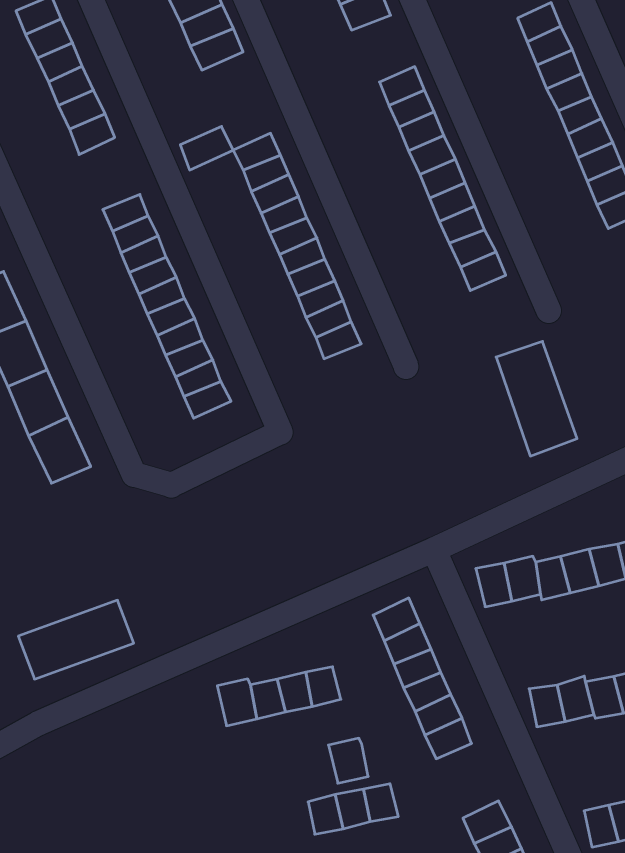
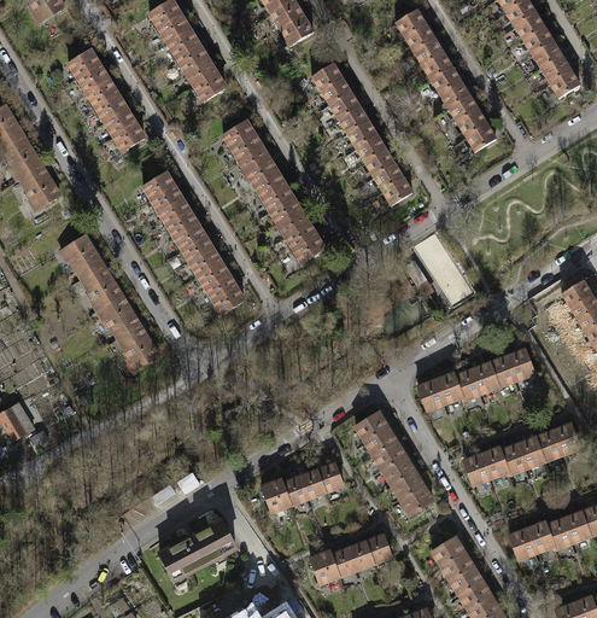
building: [180,126,233,170] -> [194,69,229,100]
building: [18,600,134,679] -> [160,519,236,578]
building: [328,738,368,783] -> [309,549,338,581]

